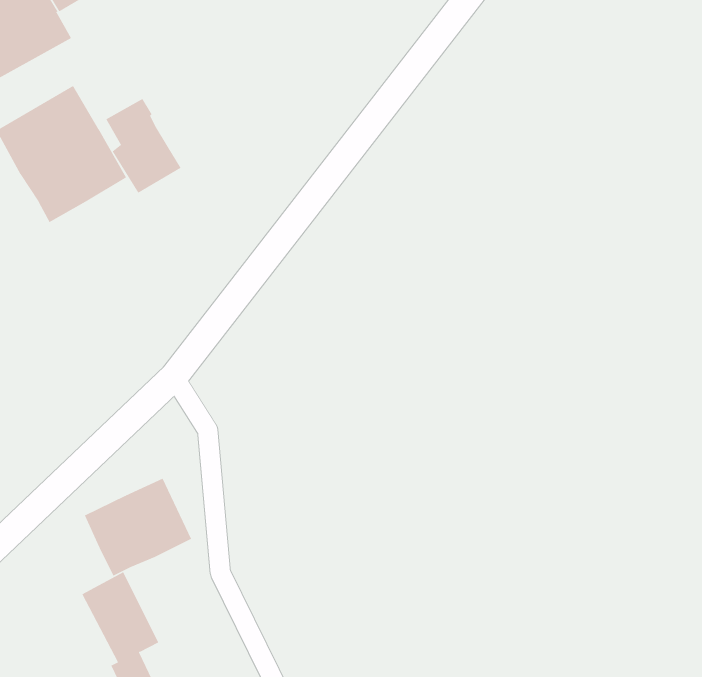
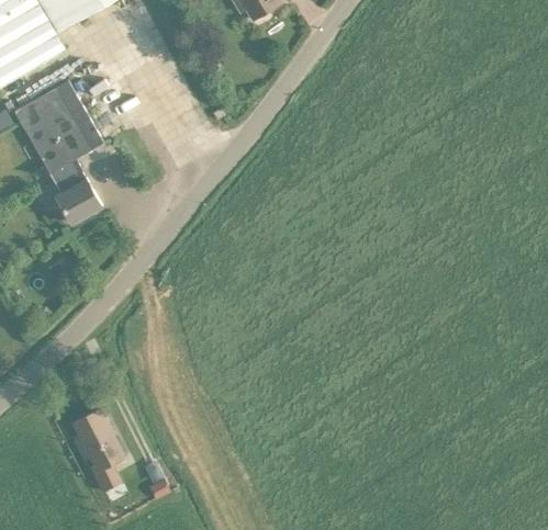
building: [106,98,182,194] -> [49,158,101,223]
building: [84,478,192,577] -> none

